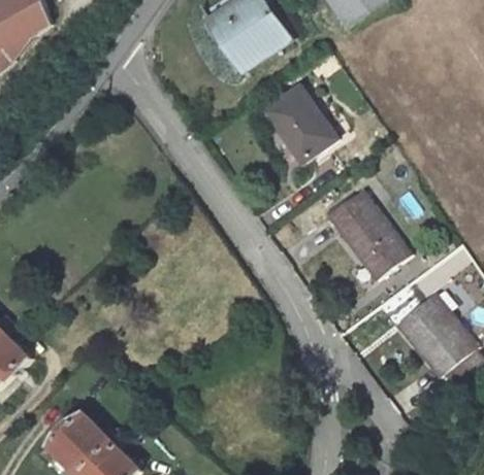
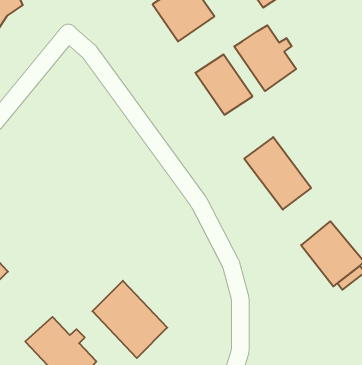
building: none -> [234,25,296,91]
building: none -> [92,281,167,358]

